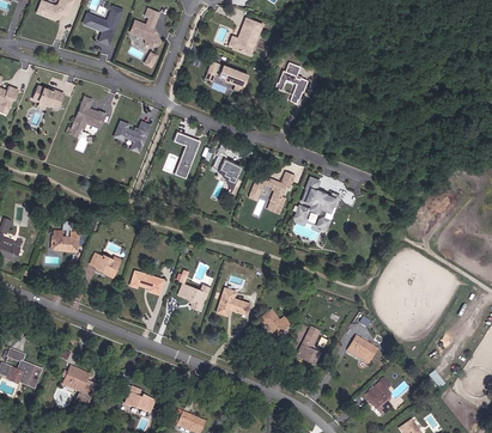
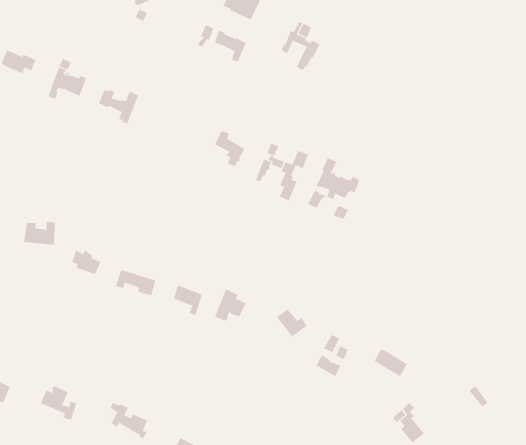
building: [174,133,200,175] -> none

